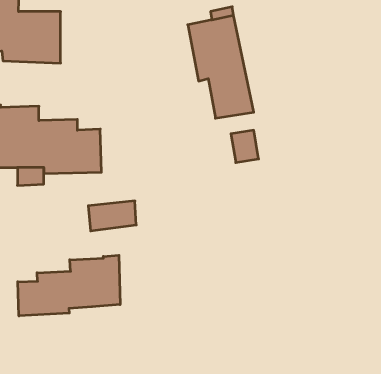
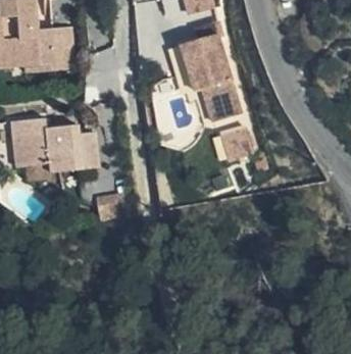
building: [18,255,120,316] -> none

